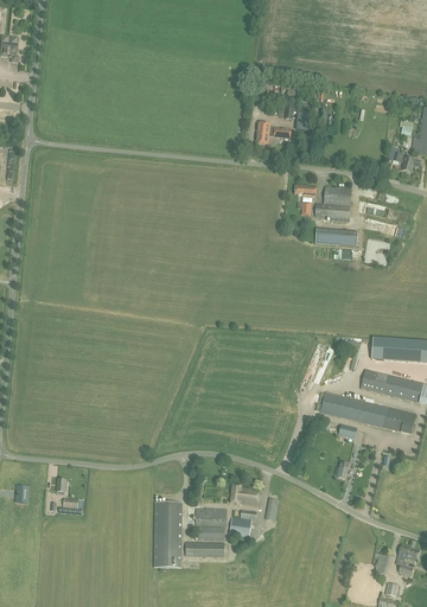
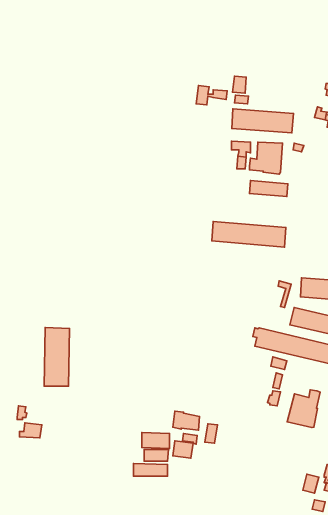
building: none -> [232,109,294,133]
building: none -> [212,221,286,247]
building: none -> [287,390,320,428]
building: [153,501,181,567] -> [44,327,70,386]

